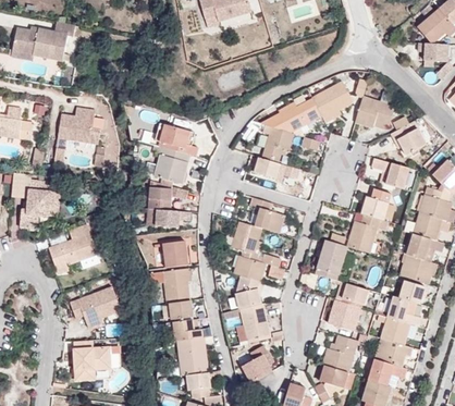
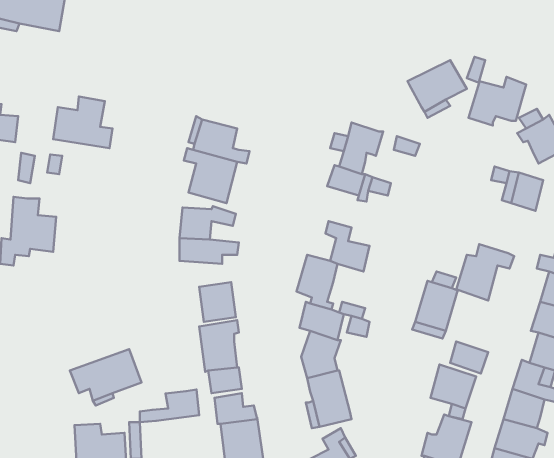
building: [261,99,321,133] -> none
building: [361,190,390,220] -> none
building: [49,225,98,275] -> none
building: none -> [140,389,199,422]

